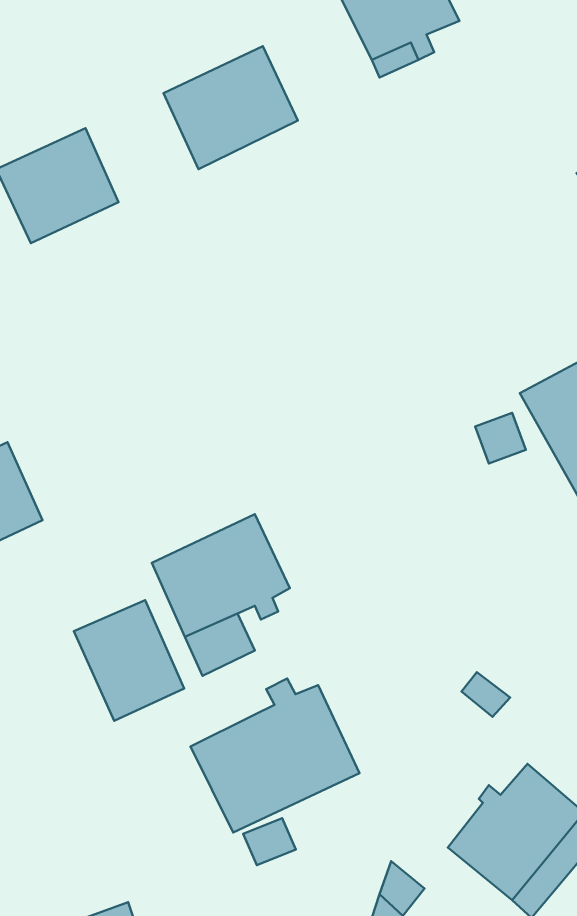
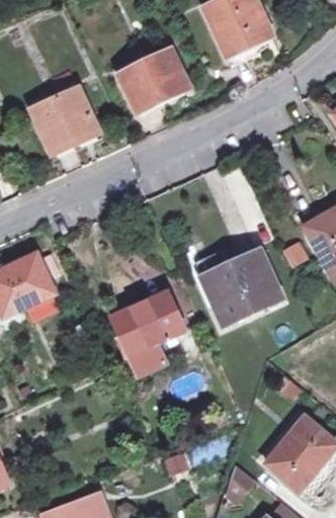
building: none -> [200,248,281,323]
building: [74,600,184,721] -> none
building: [190,679,359,833] -> none

